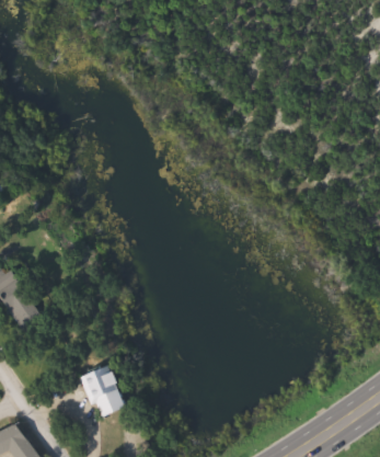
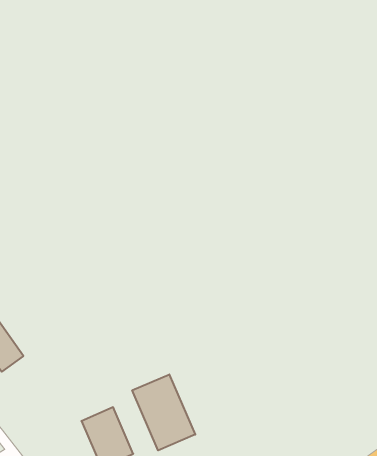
building: none -> [132,374,195,450]

